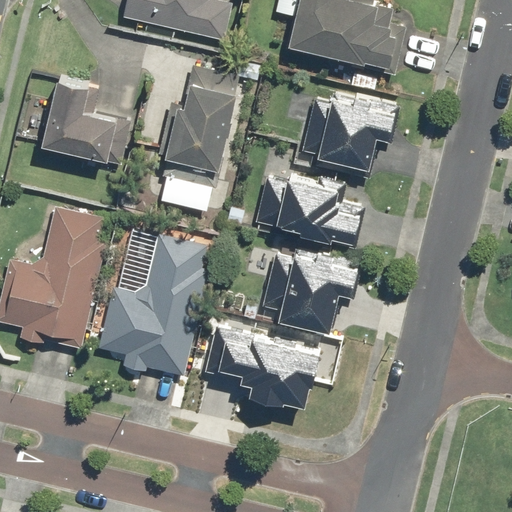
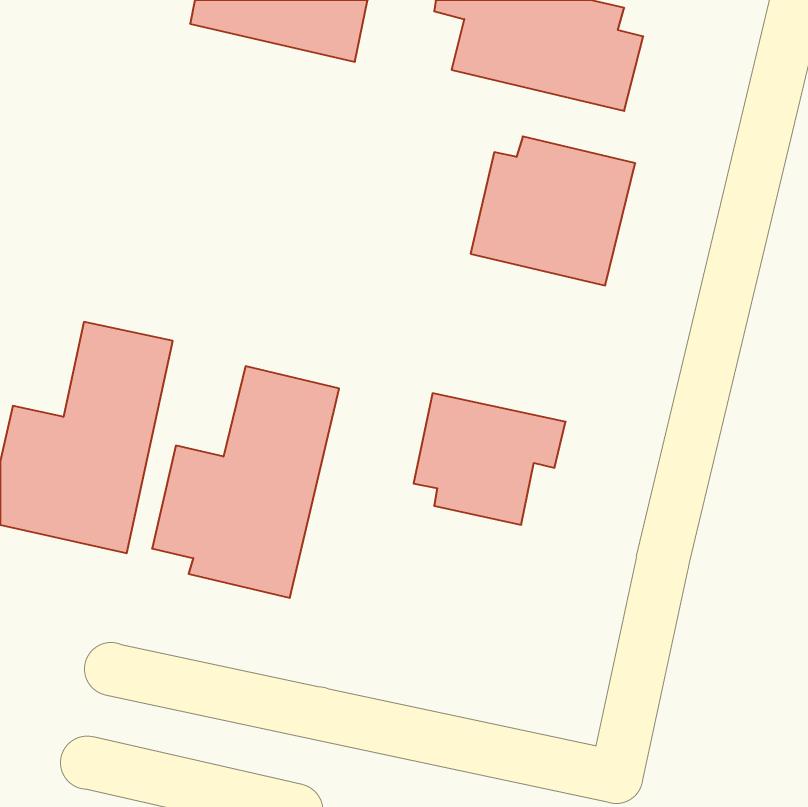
building: [157,63,242,190] -> none
building: [39,78,132,166] -> none
building: [255,174,362,248] -> none
building: [205,327,319,411] -> none

